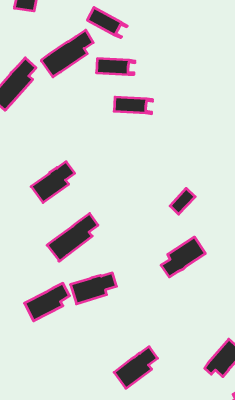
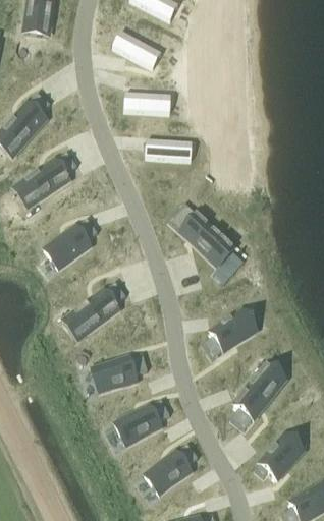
building: [41,30,93,77] -> [14,152,77,209]
building: none -> [169,204,234,266]
building: none -> [231,364,286,430]
building: [24,283,70,321] -> [115,400,170,446]

